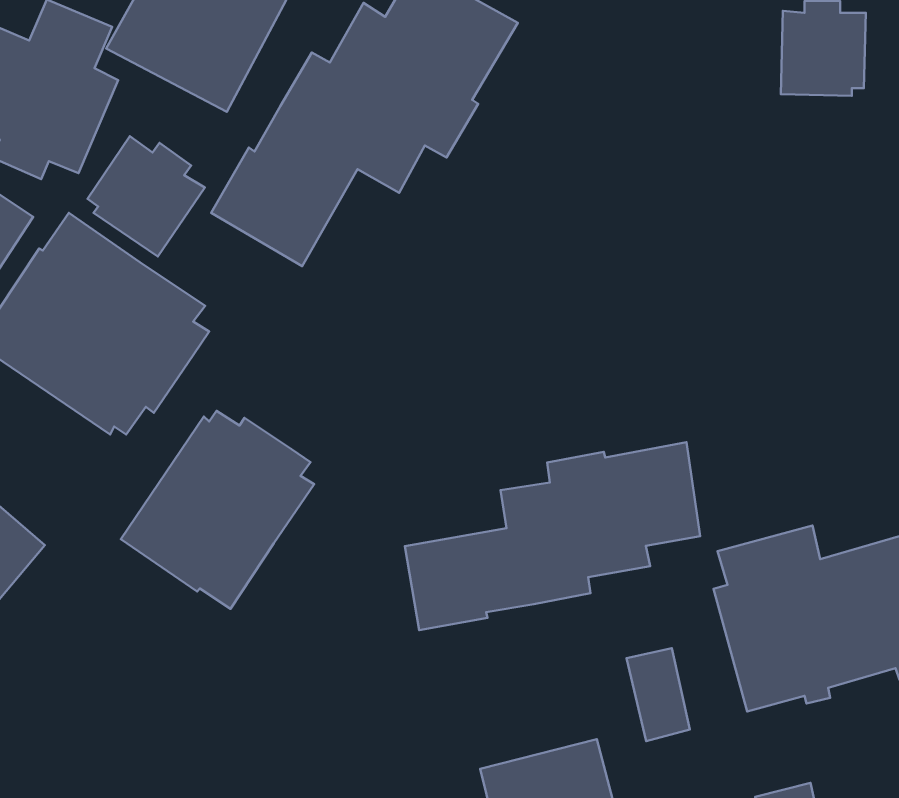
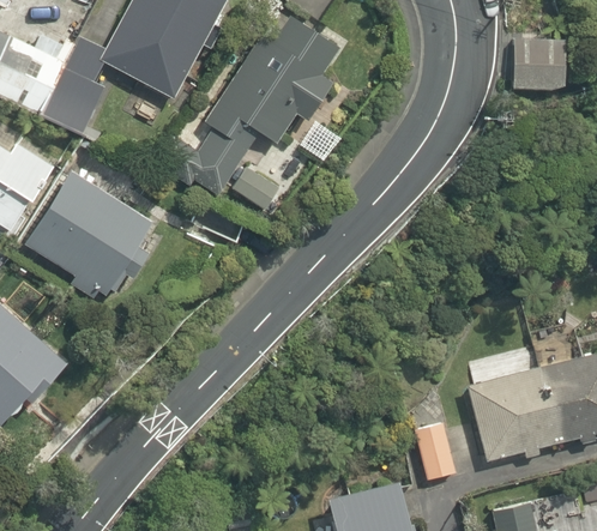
building: [87,136,205,256] -> none
building: [121,411,314,609] -> none
building: [405,442,700,630] -> none

